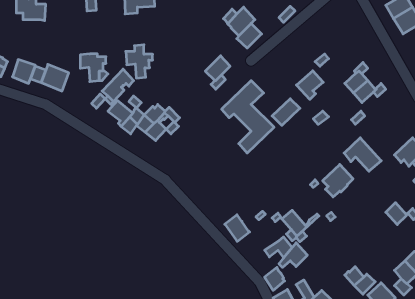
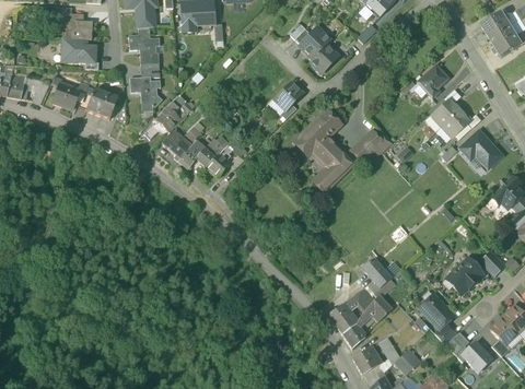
building: none -> [62,38,96,63]
building: [126,45,153,78] -> [129,27,160,66]
building: [296,71,323,99] -> [418,63,448,96]
building: [344,138,381,171] -> [460,128,503,166]
building: [323,164,353,197] -> [448,255,483,292]
building: [225,215,250,241] -> [328,303,357,333]
building: none -> [421,293,451,328]

